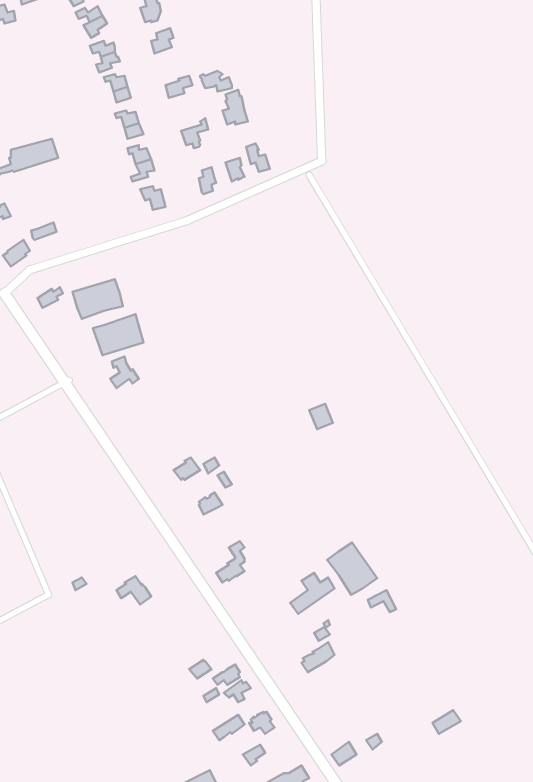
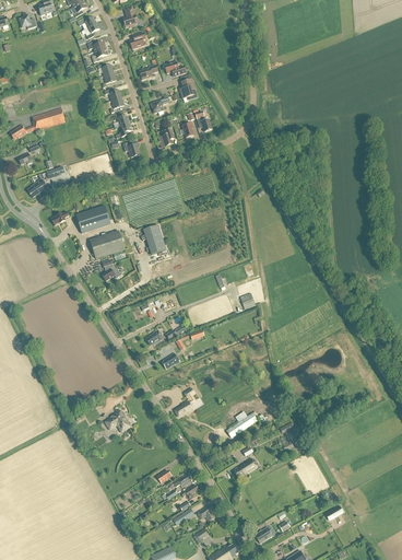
building: none -> [146,223,169,254]
building: [327,543,377,595] -> none

